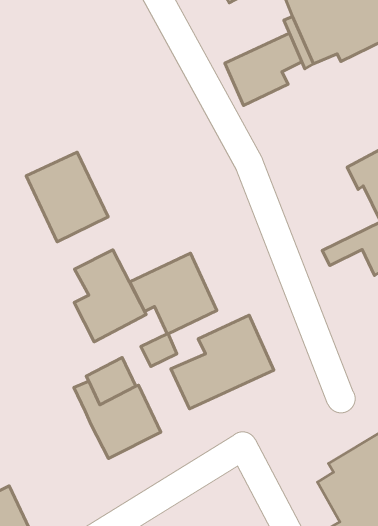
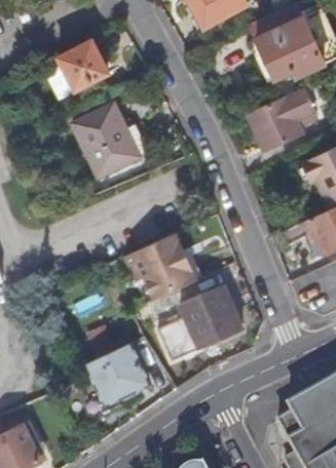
building: none -> [59,40,108,88]
building: [225,33,302,105] -> [249,90,312,150]
building: [26,152,108,242] -> [74,103,142,177]
building: [74,250,146,342] -> none

